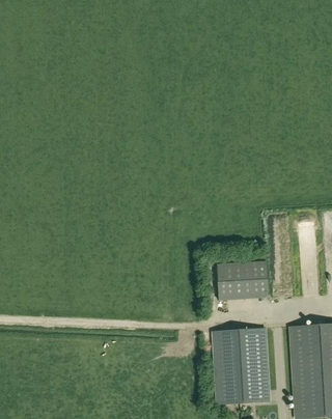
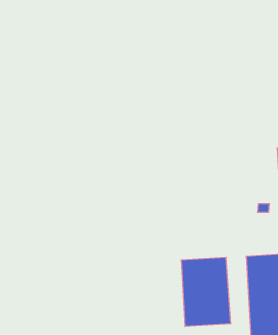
building: [217,260,269,301] -> none

